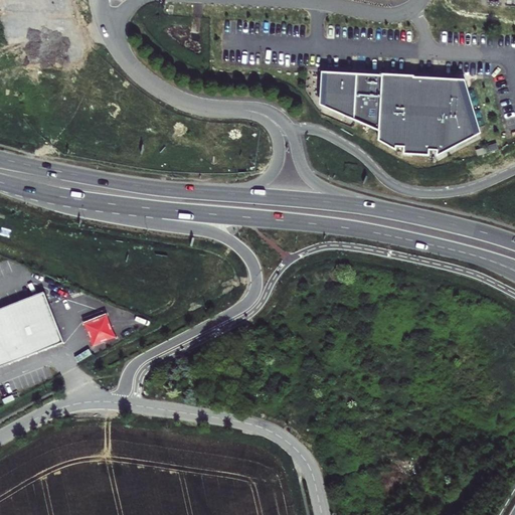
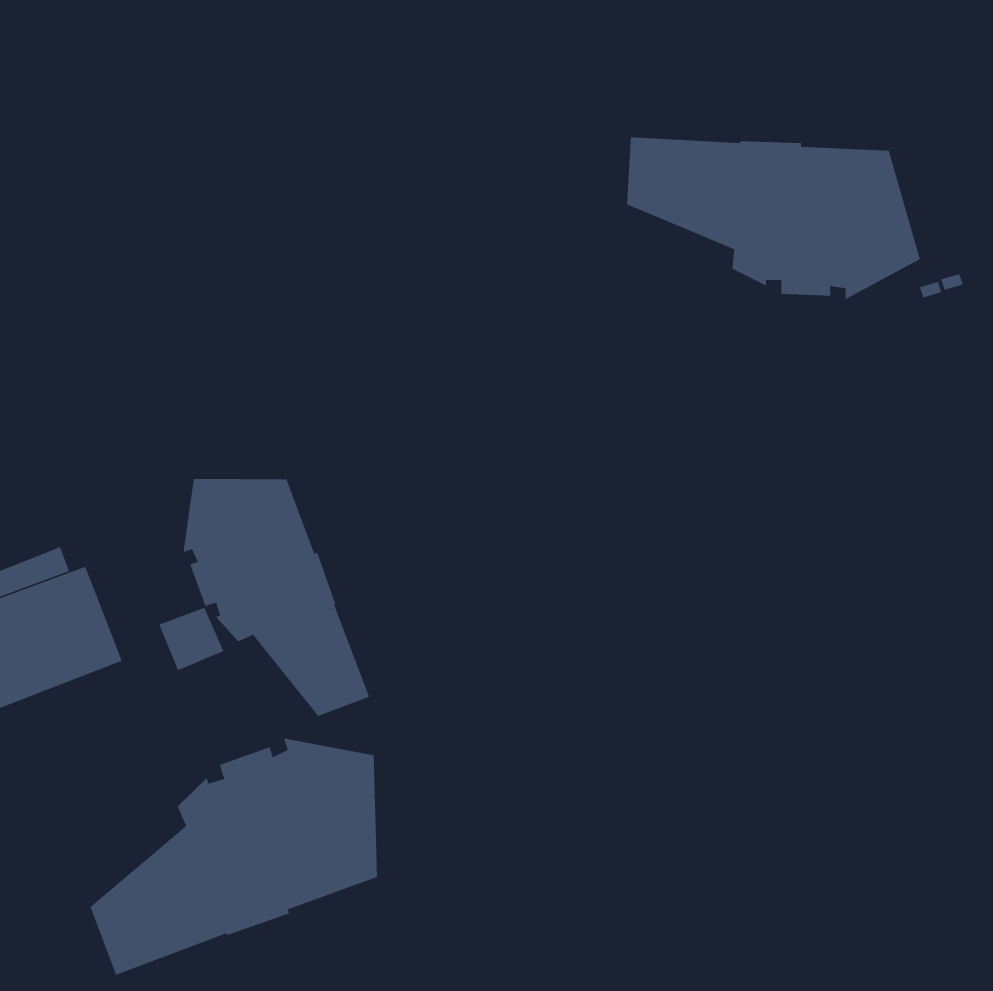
building: none -> [182,478,370,717]
building: none -> [89,738,378,976]

